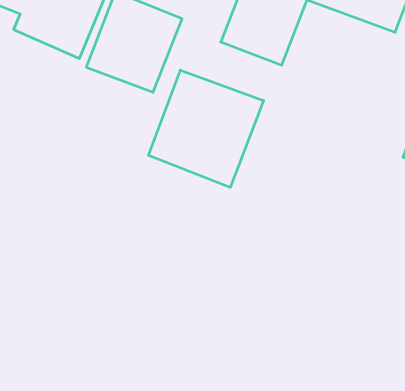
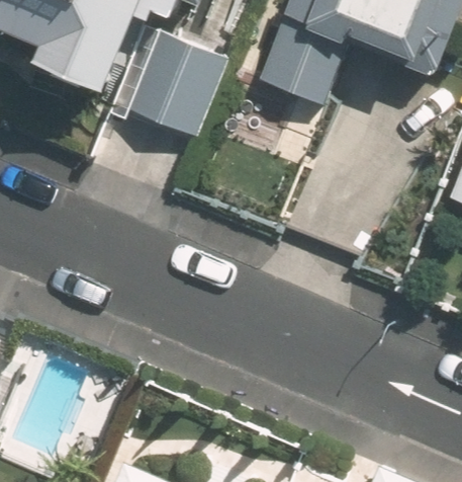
building: [148,70,264,187] -> none

